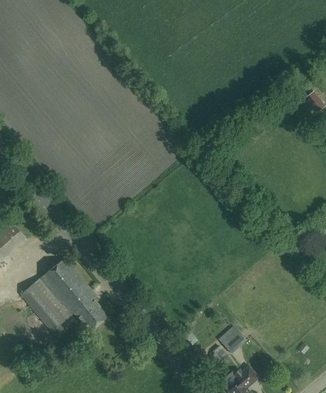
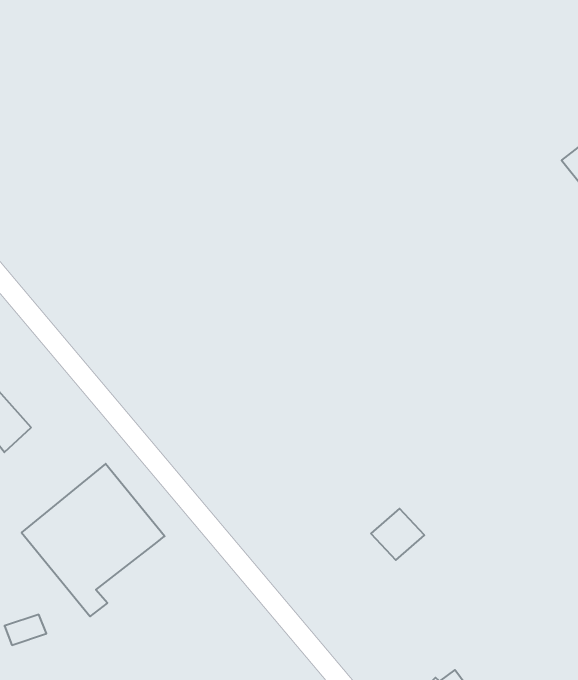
building: [74,299,107,332] -> none
building: [218,327,246,354] -> [371,509,424,560]

